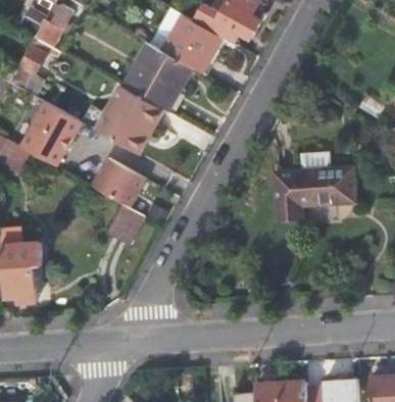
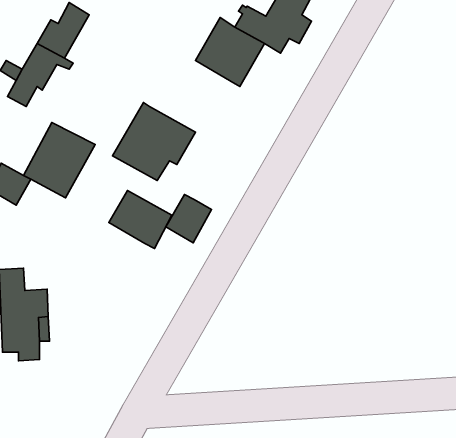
building: [126,45,193,113] -> none
building: [273,168,354,221] -> none
building: [106,203,144,243] -> [166,195,212,243]

